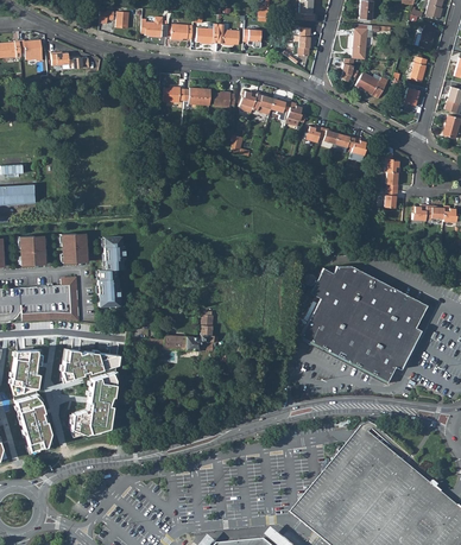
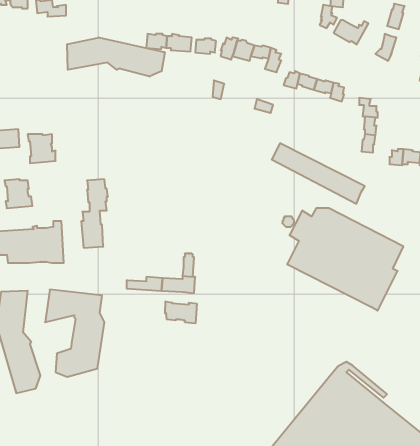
building: none -> [67,37,165,77]
building: [61,233,89,262] -> [28,134,56,163]
building: [299,322,394,384] -> [272,143,365,204]
building: none -> [165,301,197,323]

